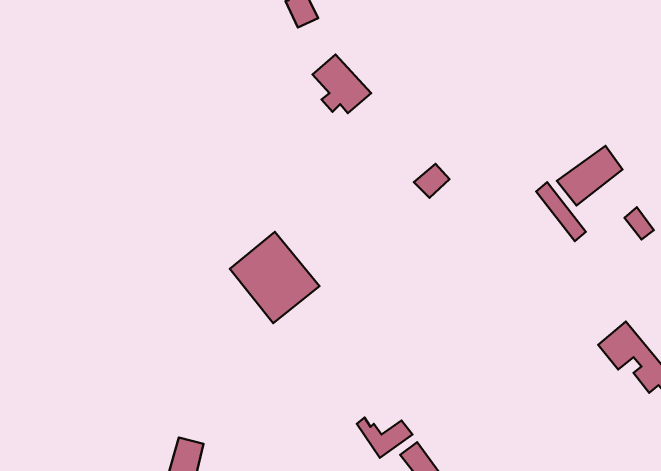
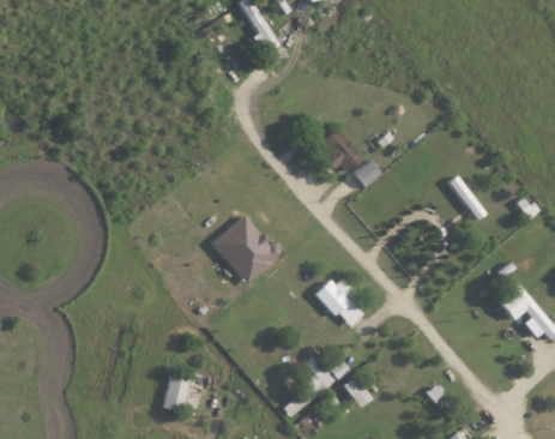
building: [312,54,371,113] -> [319,126,364,172]
building: [557,146,622,205] -> none
building: none -> [316,275,362,329]

